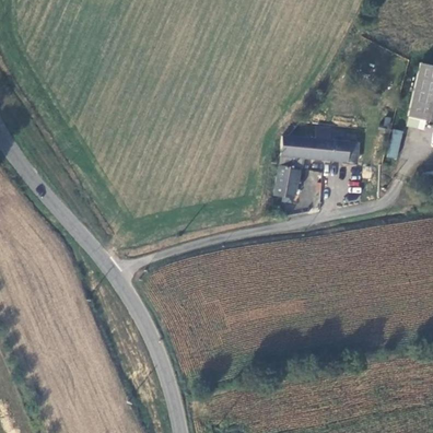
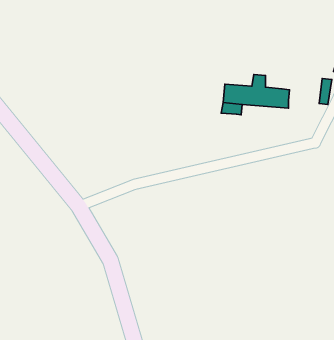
building: [276,169,296,203] -> none

